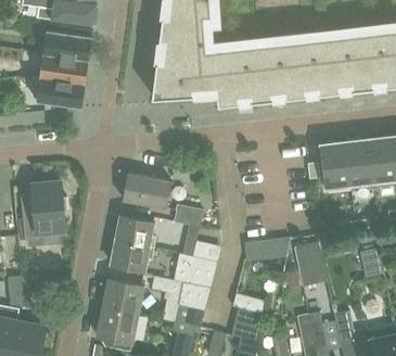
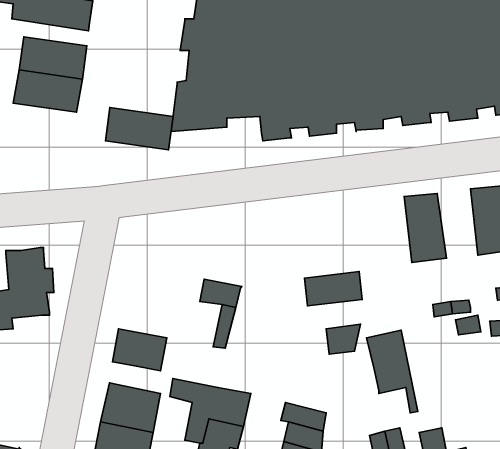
building: [35,77,84,107] -> [105,108,173,150]
building: [344,139,373,189] -> none
building: [123,173,171,208] -> none
building: none -> [305,272,362,306]
building: [114,216,154,246] -> none
building: [186,254,217,287] -> none

